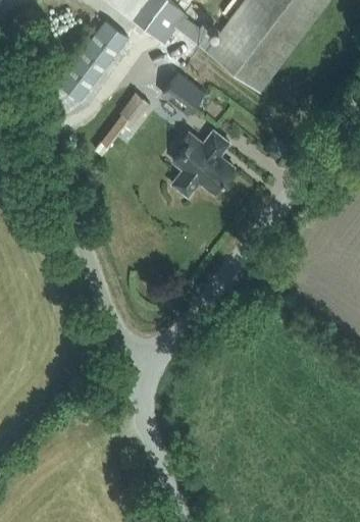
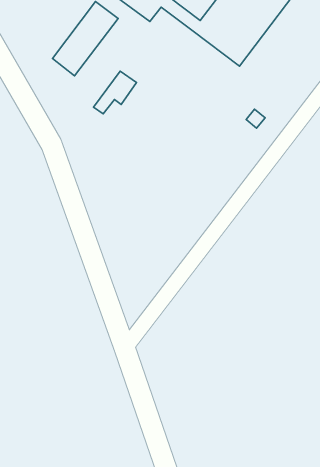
building: [161,73,204,116] -> none
building: [171,130,234,197] -> none

